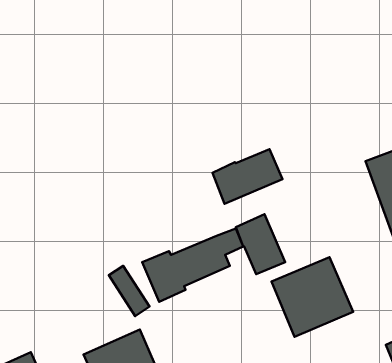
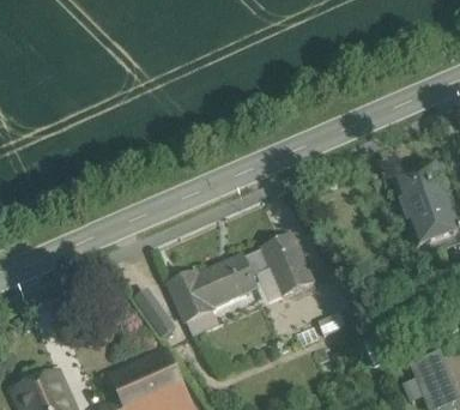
building: [212,149,282,204] -> none
building: [271,257,353,337] -> none

